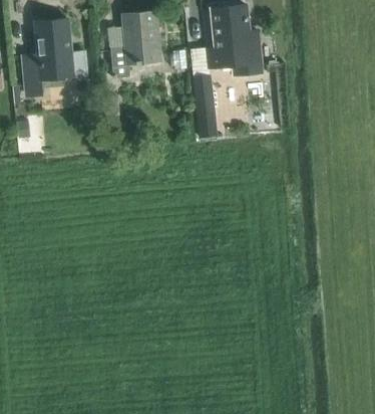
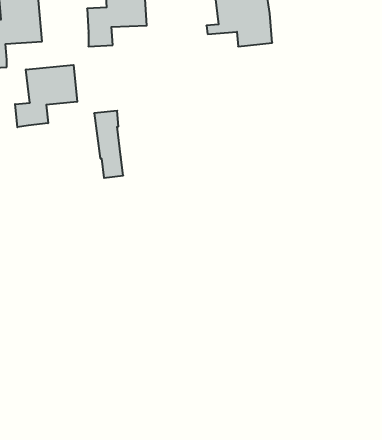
building: [192,74,216,130] -> [94,111,123,178]
building: none -> [15,65,77,127]

